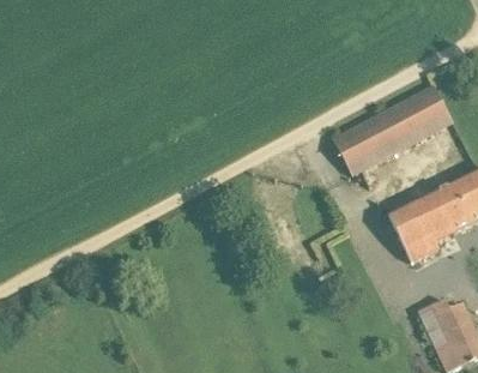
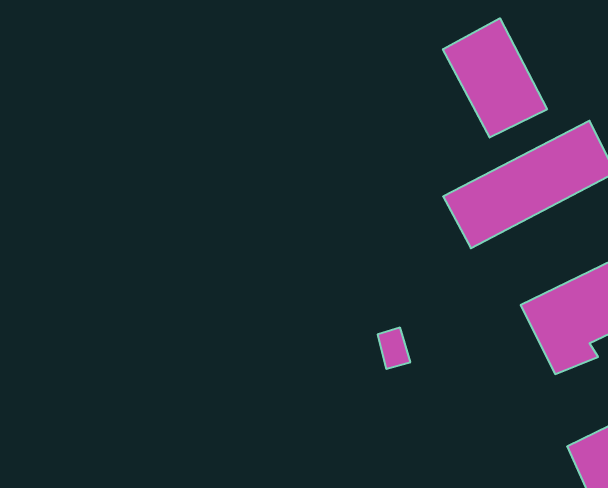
building: none -> [443,18,547,138]

